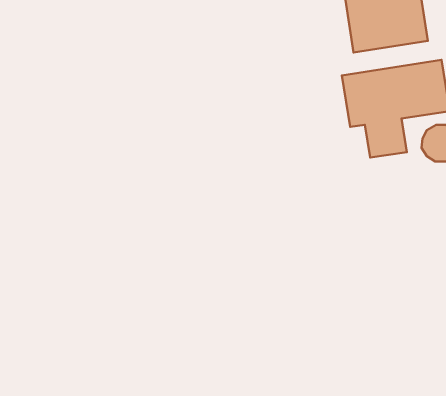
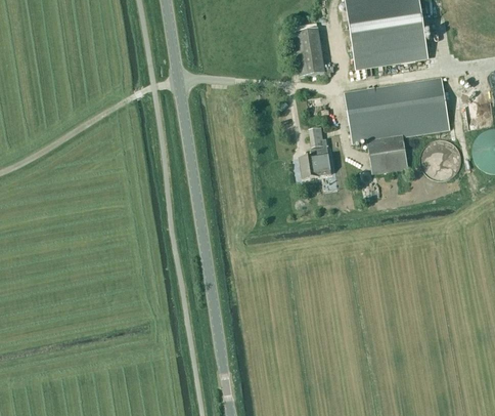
building: none -> [294,28,325,77]
building: none -> [300,127,331,178]

